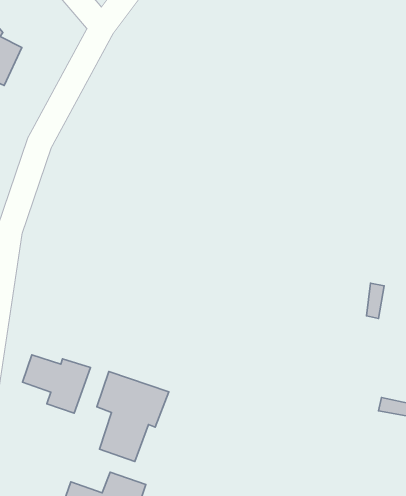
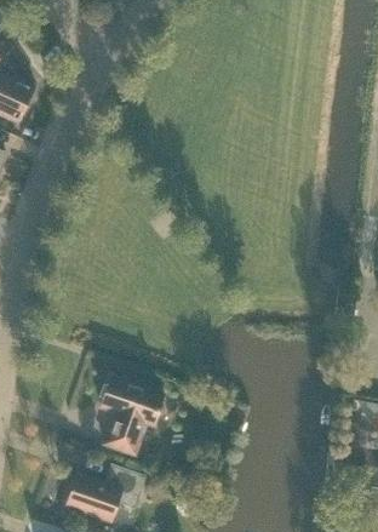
building: [23,355,90,413] -> none

